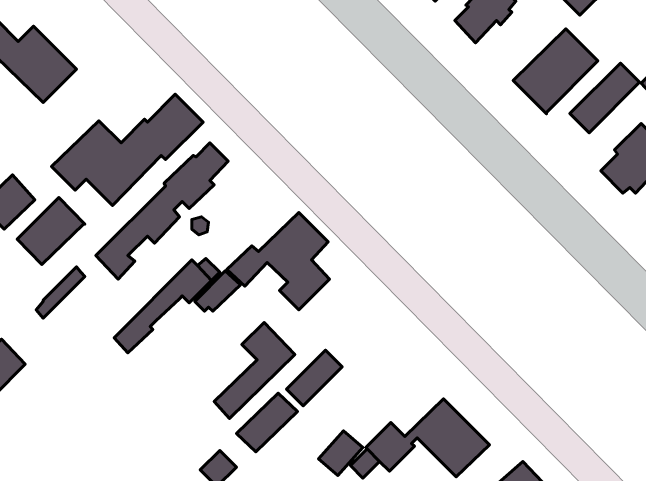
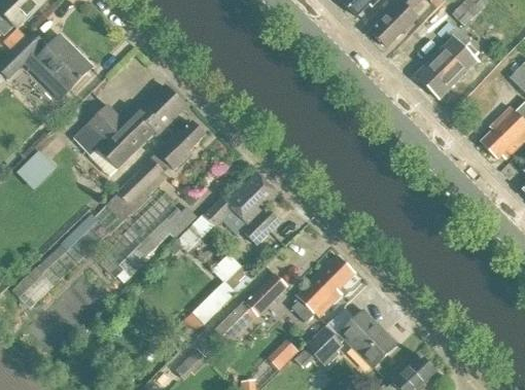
building: [570,63,640,133] -> none
building: [17,197,85,265] -> none
building: none -> [292,255,353,321]

